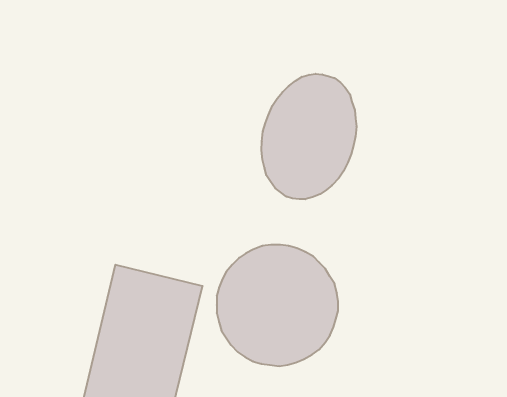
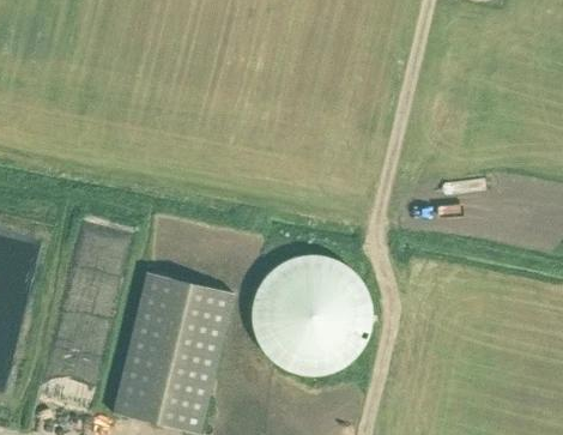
building: [261,74,356,199] -> none

